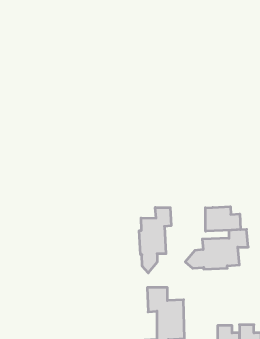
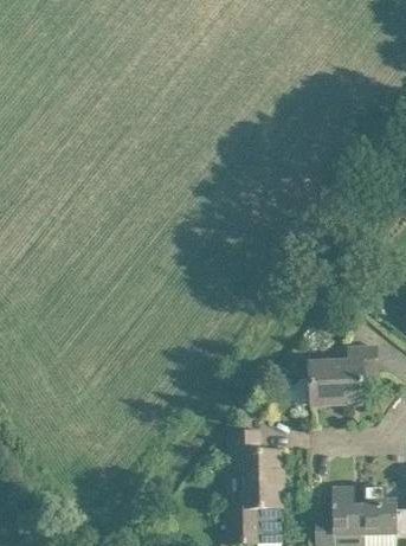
building: [205,207,240,231] -> none
building: [139,207,171,273] -> none

